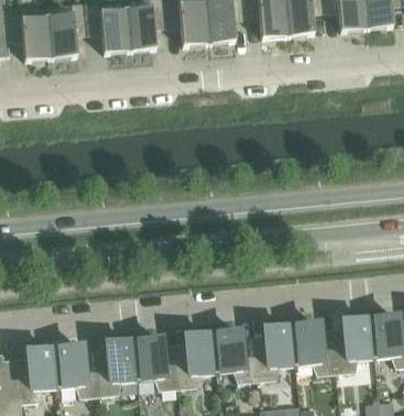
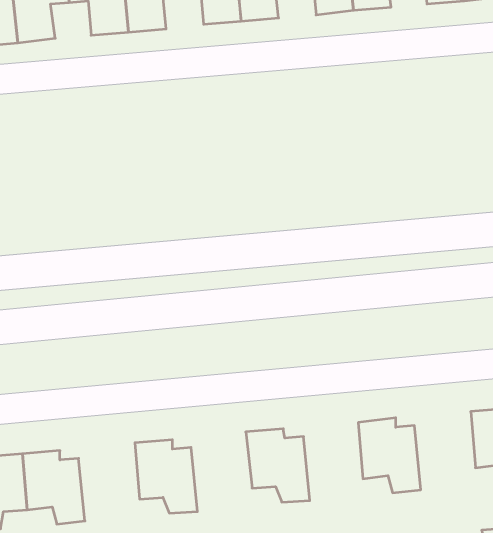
building: [331,318,374,373] -> none
building: [253,326,295,381] -> none
building: [174,332,217,388] -> none
building: [95,340,138,395] -> none

